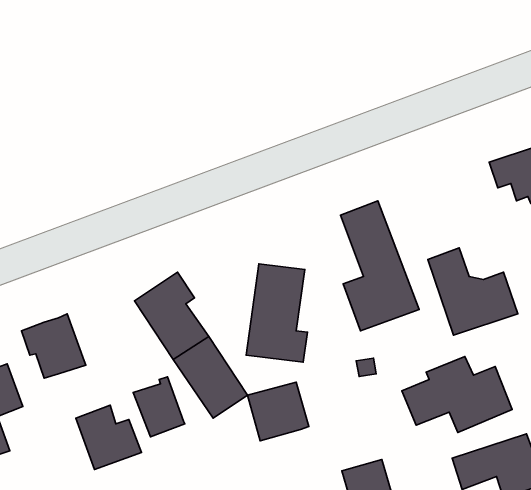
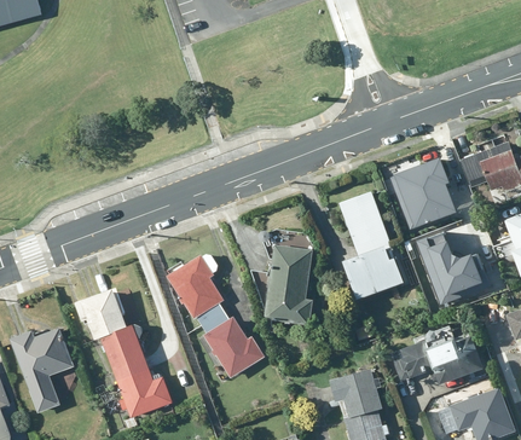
building: none -> [390,157,453,227]
building: [133,377,185,437] -> [103,324,146,375]
building: [247,382,309,441] -> [331,370,383,419]

